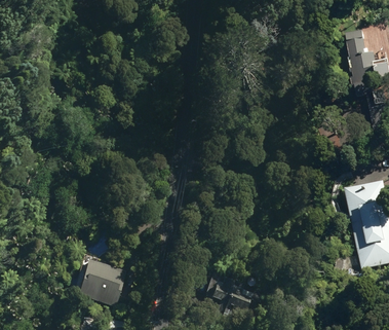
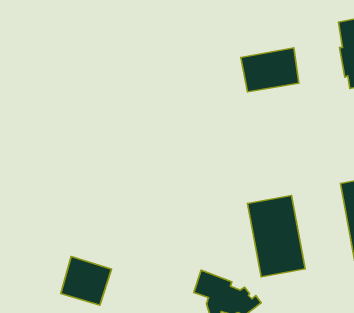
building: none -> [241,48,299,92]
building: none -> [247,195,305,277]

